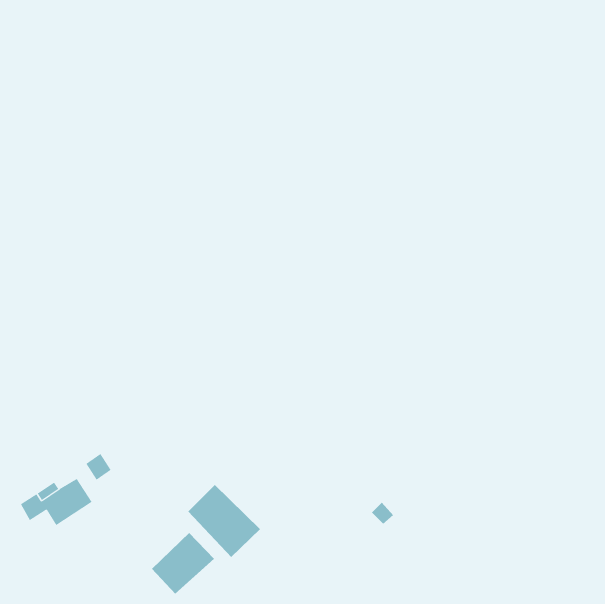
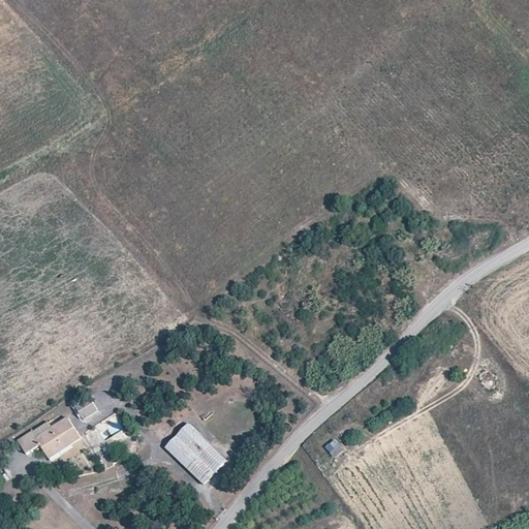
building: [151,532,215,594] -> none

